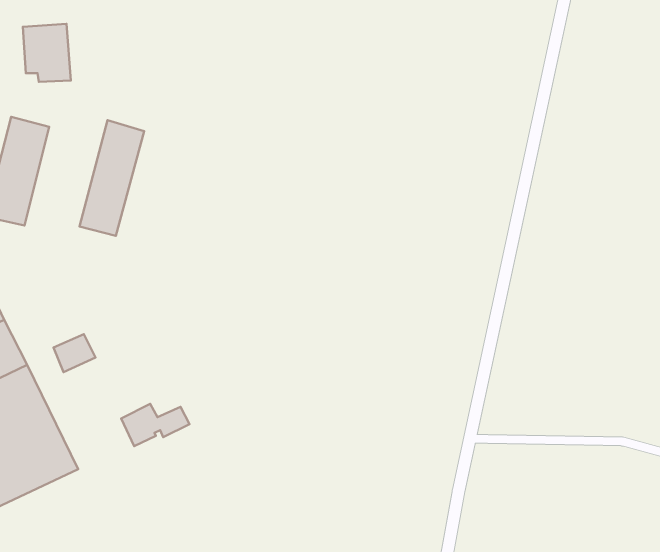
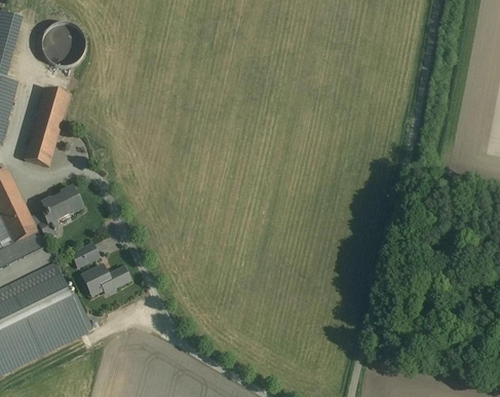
building: [80,120,144,236] -> none
building: none -> [41,184,82,220]
building: [121,404,189,446] -> [82,263,130,293]

